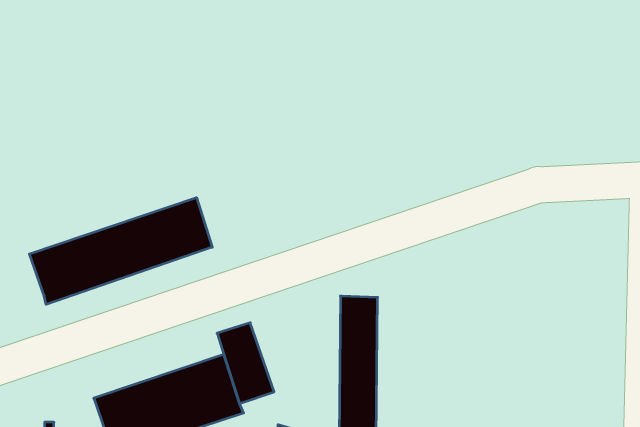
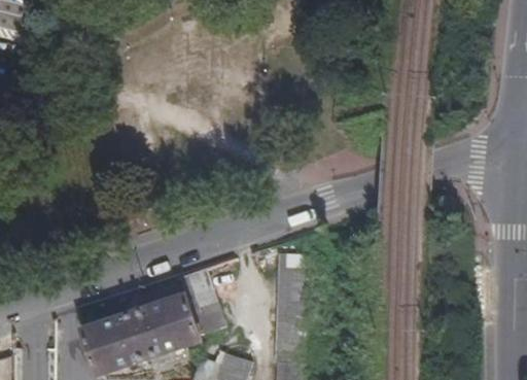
building: [29,198,212,304] -> none

